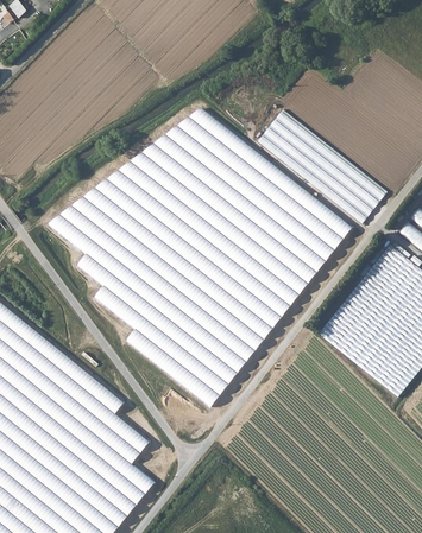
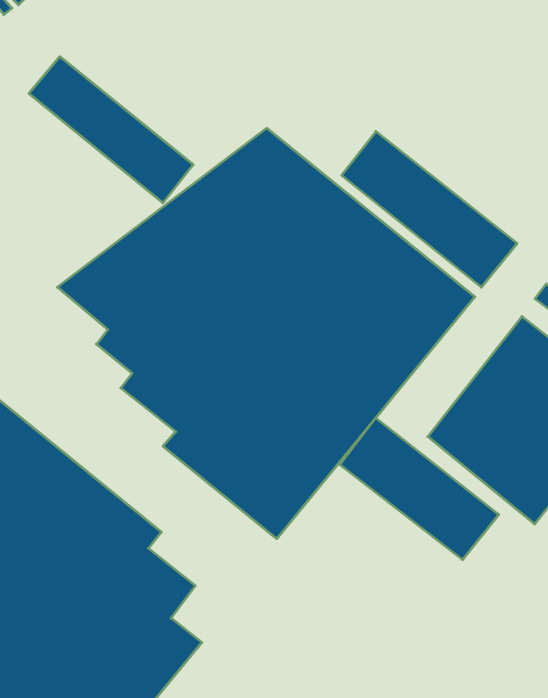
building: none -> [29,57,193,203]
building: none -> [340,418,499,560]

